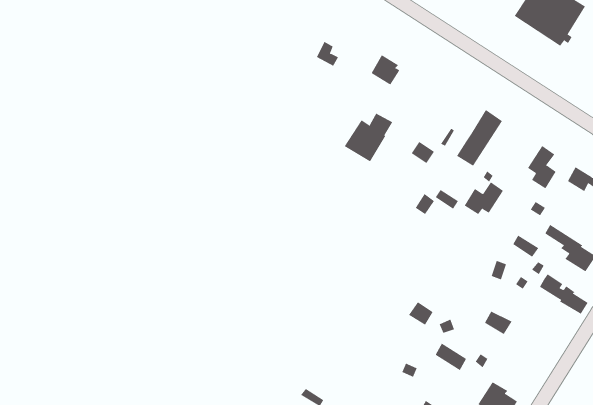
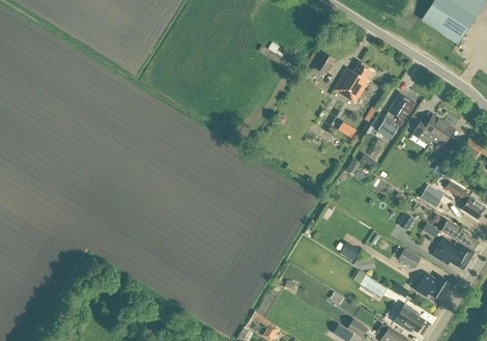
building: [344,113,393,162] -> [335,62,373,101]
building: [464,181,504,215] -> [412,113,443,139]
building: none -> [433,237,475,269]
building: none -> [417,271,454,302]

